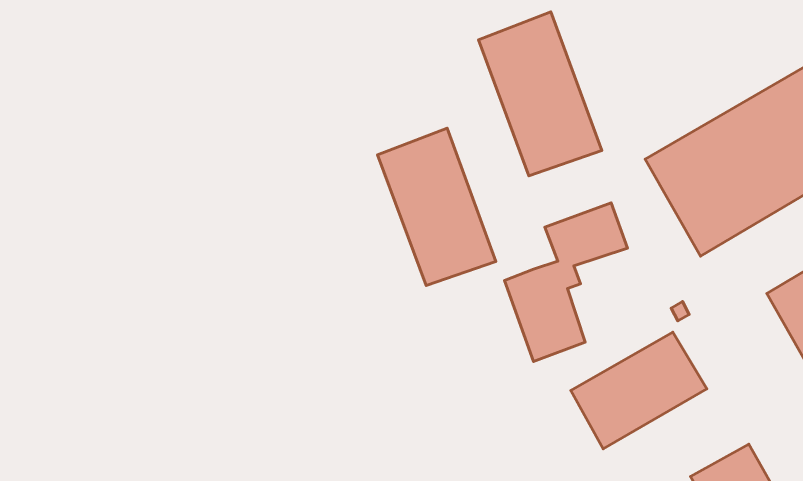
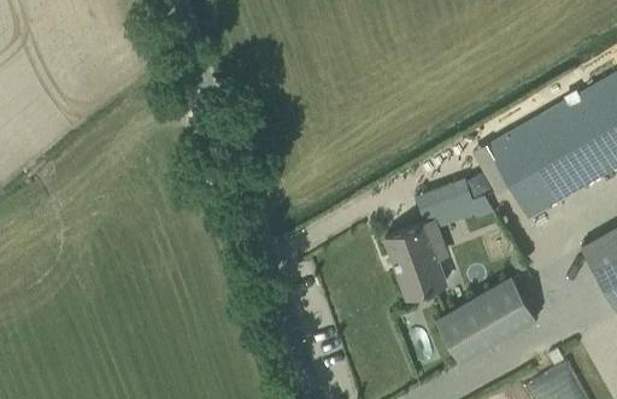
building: [478,12,602,176] -> none
building: [378,128,496,286] -> none

